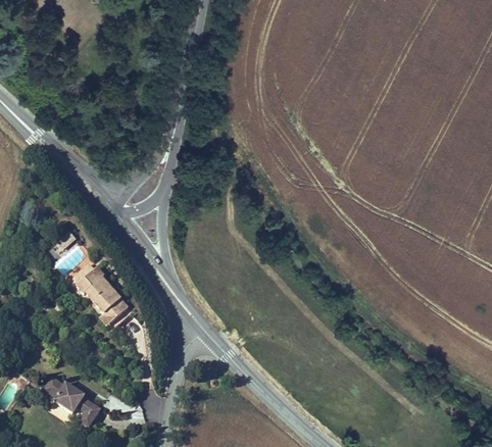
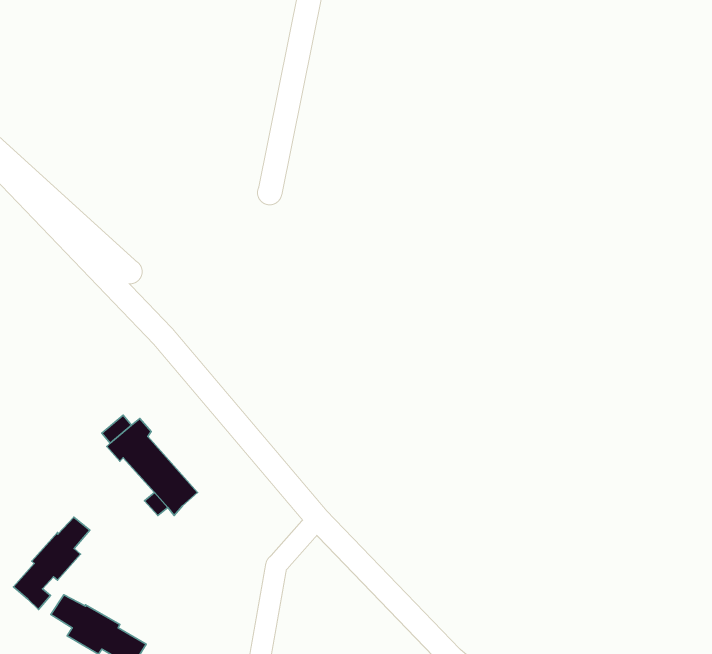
building: none -> [13,517,90,609]

